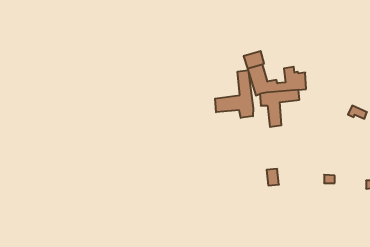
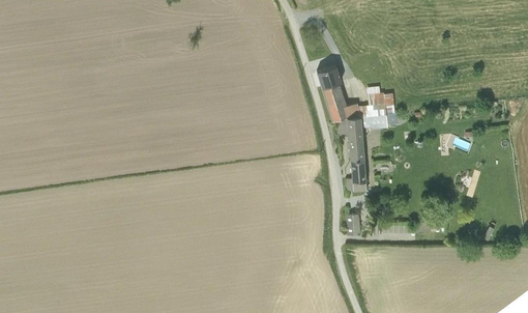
building: [215,70,253,118] -> none
building: none -> [346,159,366,192]

